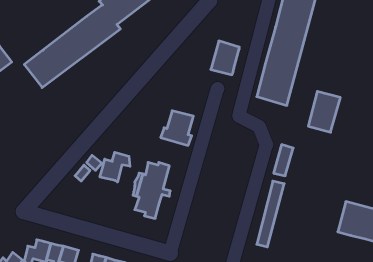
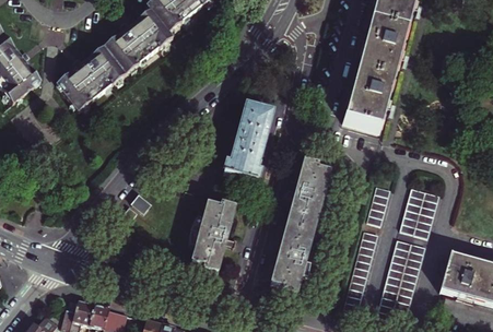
building: [211,41,239,75] -> [239,106,274,147]
building: [308,91,340,132] -> [398,183,437,234]
building: none -> [272,163,331,294]
building: [100,152,130,182] -> none
building: none -> [376,238,423,321]

